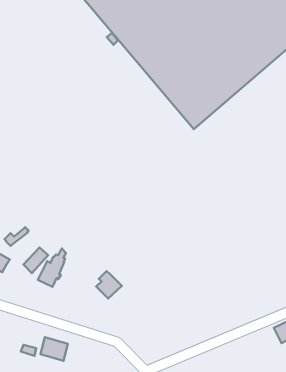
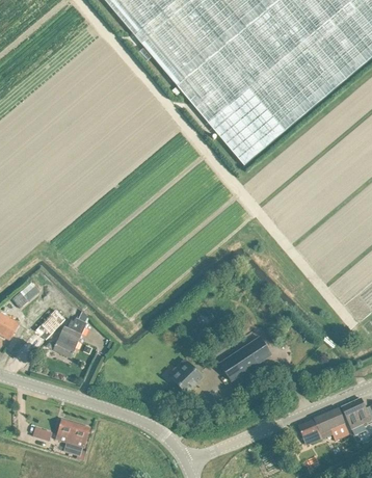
building: none -> [219,336,273,381]
building: [96,271,122,299] -> [172,360,204,393]
building: none -> [298,408,350,444]

